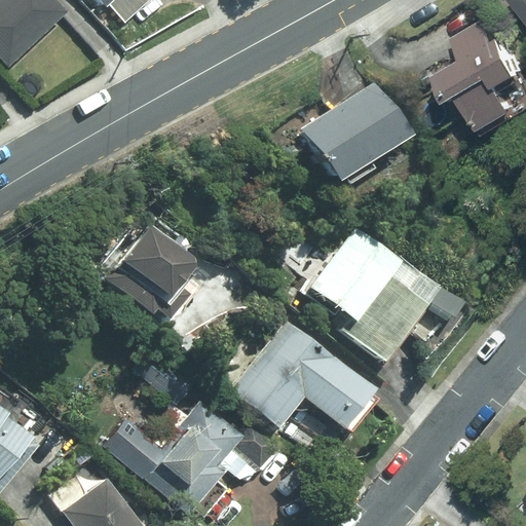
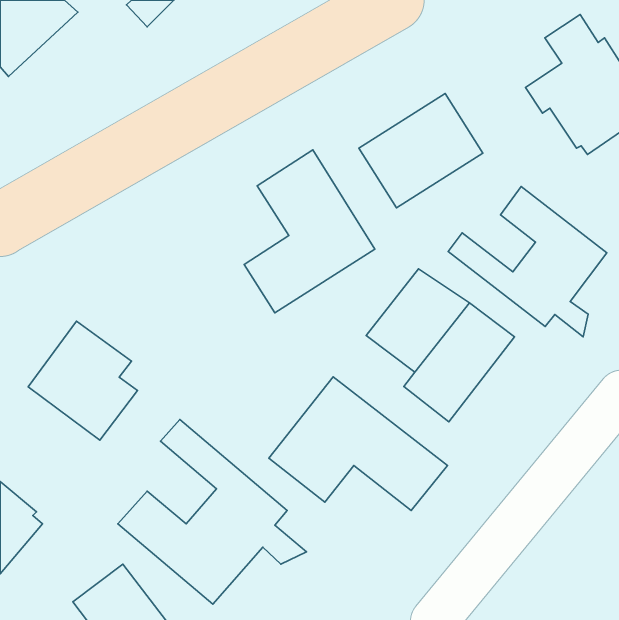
building: none -> [244,150,375,313]
building: none -> [448,186,607,337]
building: [107,223,199,324] -> [28,321,137,440]

